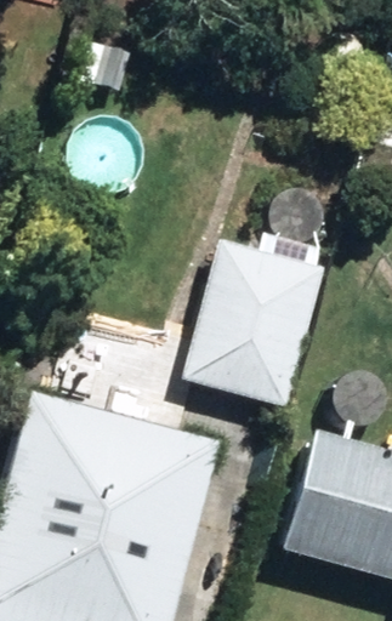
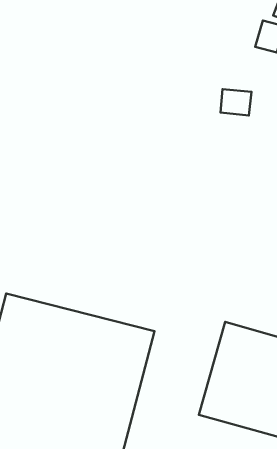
building: [184,241,323,405] -> none

